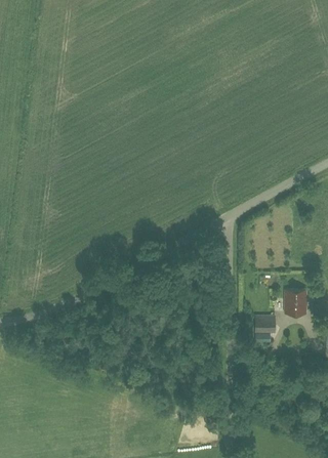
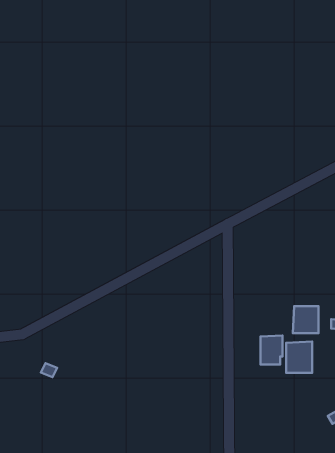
building: none -> [286,341,312,373]

